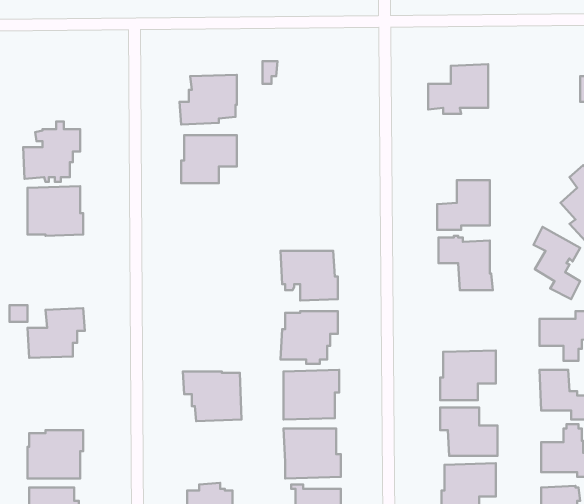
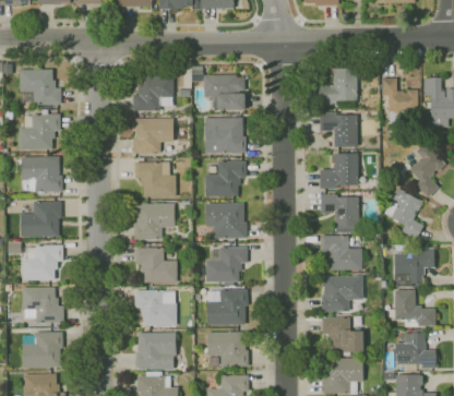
building: none -> [20,69,61,105]
building: none -> [204,74,246,108]
building: none -> [381,77,417,118]
building: none -> [319,111,357,146]
building: none -> [205,117,246,153]
building: none -> [205,160,246,196]
building: none -> [135,161,176,196]
building: none -> [21,202,61,237]
building: none -> [134,204,176,243]
building: none -> [320,235,361,269]
building: none -> [135,248,177,283]
building: none -> [22,287,64,325]
building: none -> [135,333,184,369]

